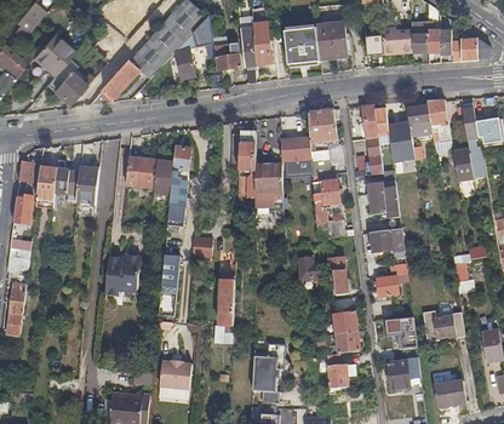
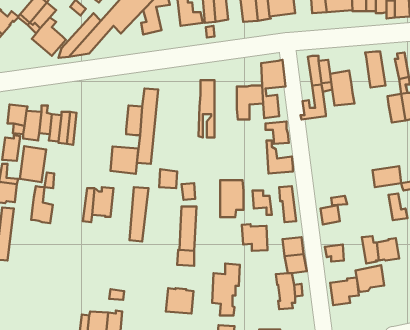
building: [407,104,433,136] -> none
building: [126,156,158,188] -> [110,146,138,174]
building: [256,164,282,206] -> [220,180,244,217]
building: [367,181,400,216] -> none
building: none -> [20,146,46,182]
building: [371,227,403,251] -> [373,166,401,187]
building: none -> [31,186,53,223]
building: none -> [242,224,267,251]
building: [160,360,191,389] -> [166,288,194,314]
building: [434,378,466,408] -> [356,265,384,292]

